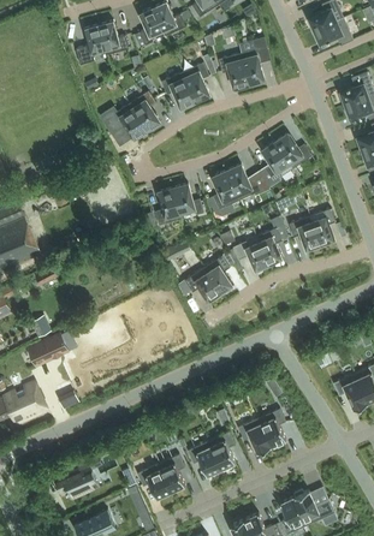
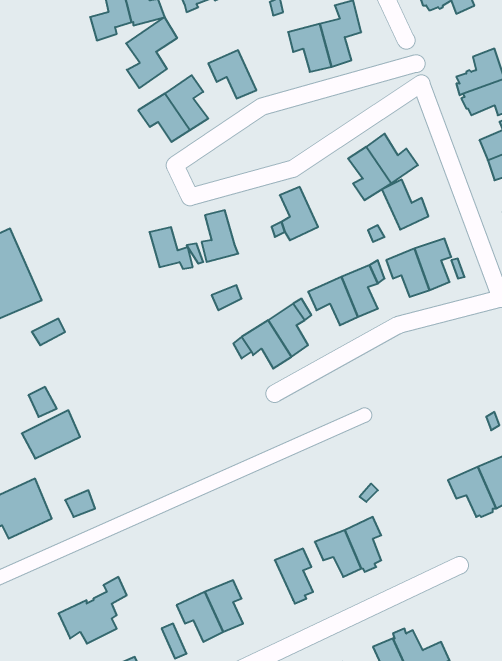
building: none -> [126,17,177,88]
building: [183,64,210,102] -> none
building: [227,165,261,201] -> [382,180,428,230]
building: [173,185,204,215] -> [149,227,193,269]
building: [188,441,222,477] -> none

